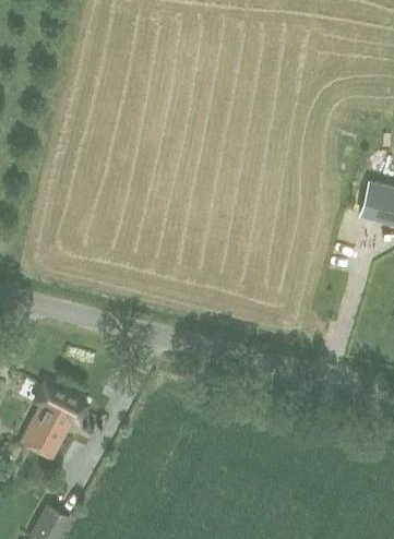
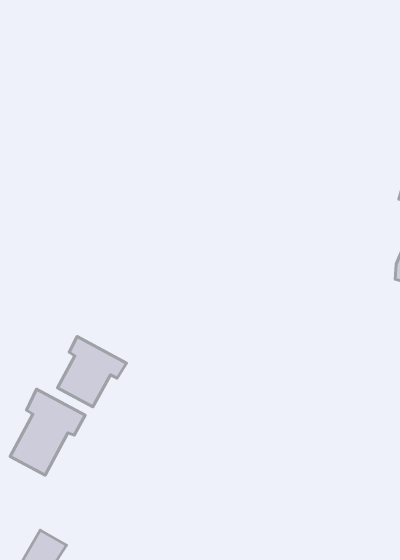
building: none -> [57,337,127,407]

